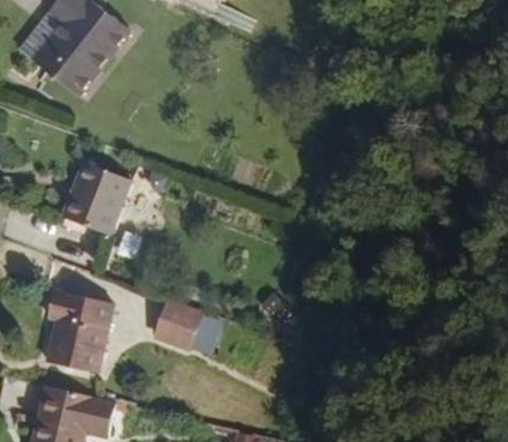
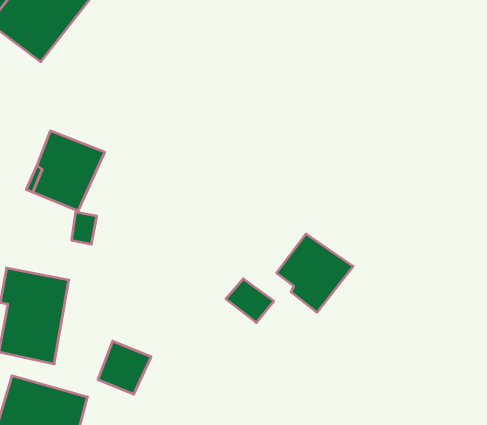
building: none -> [277,234,353,312]
building: [155,299,202,347] -> [98,341,151,394]

